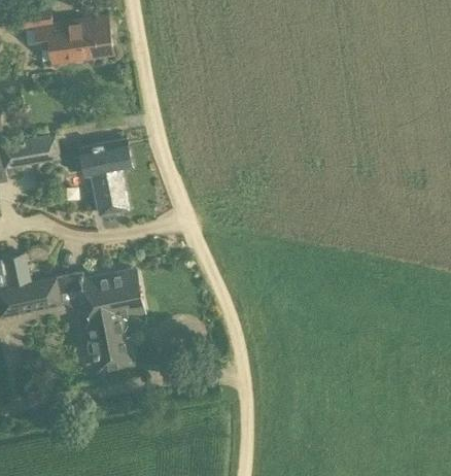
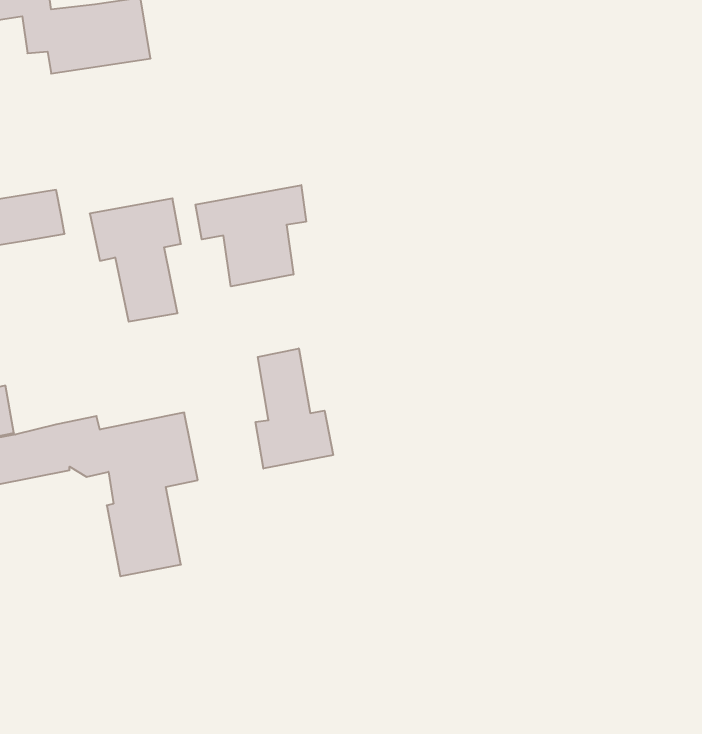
building: none -> [195,185,306,286]
building: none -> [256,348,333,469]

